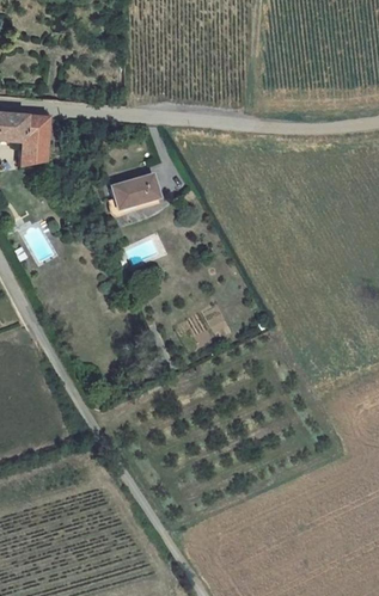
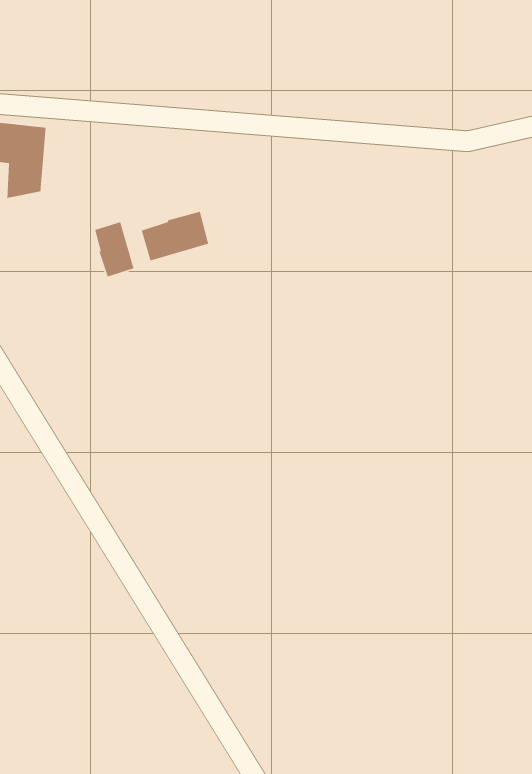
building: none -> [94,221,135,278]

